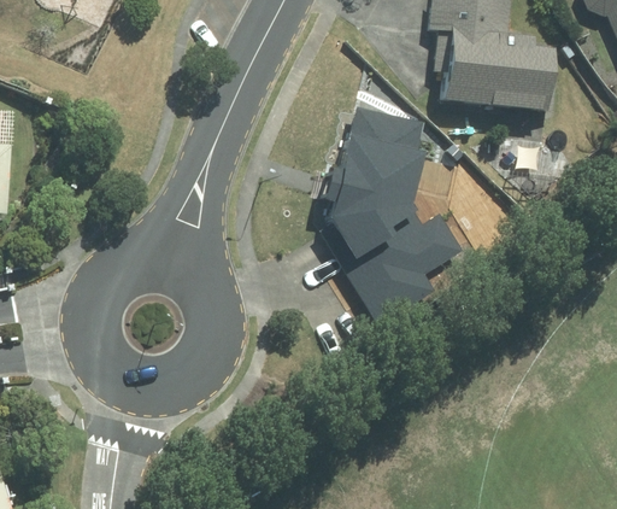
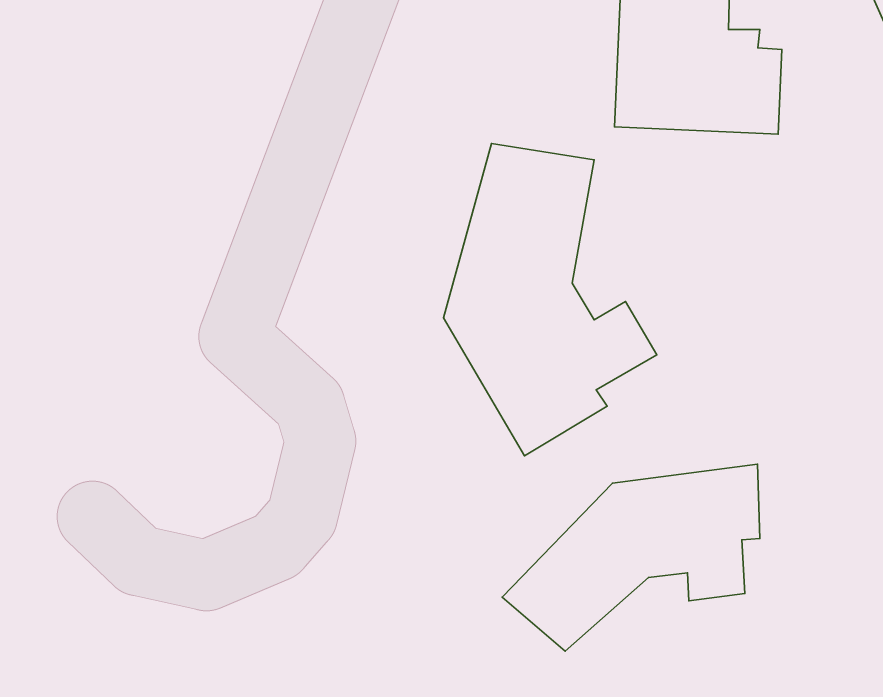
building: none -> [502,464,760,651]

